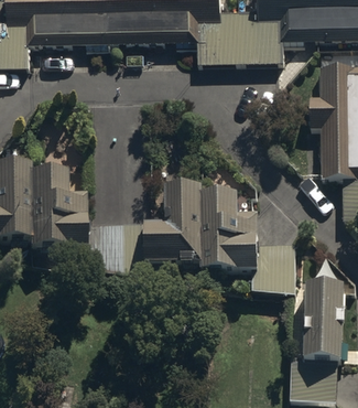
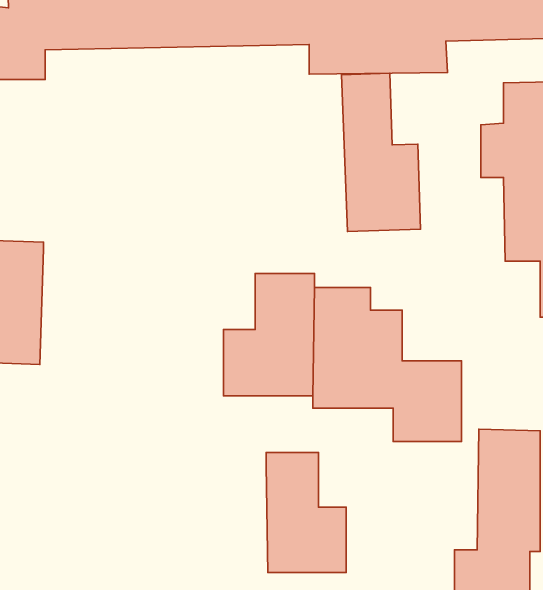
building: none -> [341,73,420,231]
building: [29,173,86,254] -> none
building: none -> [266,452,346,573]

